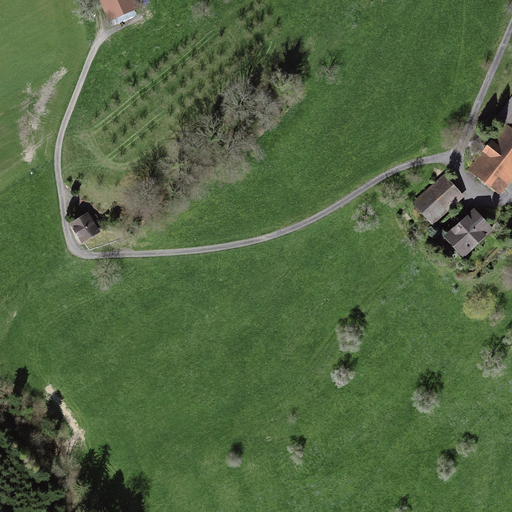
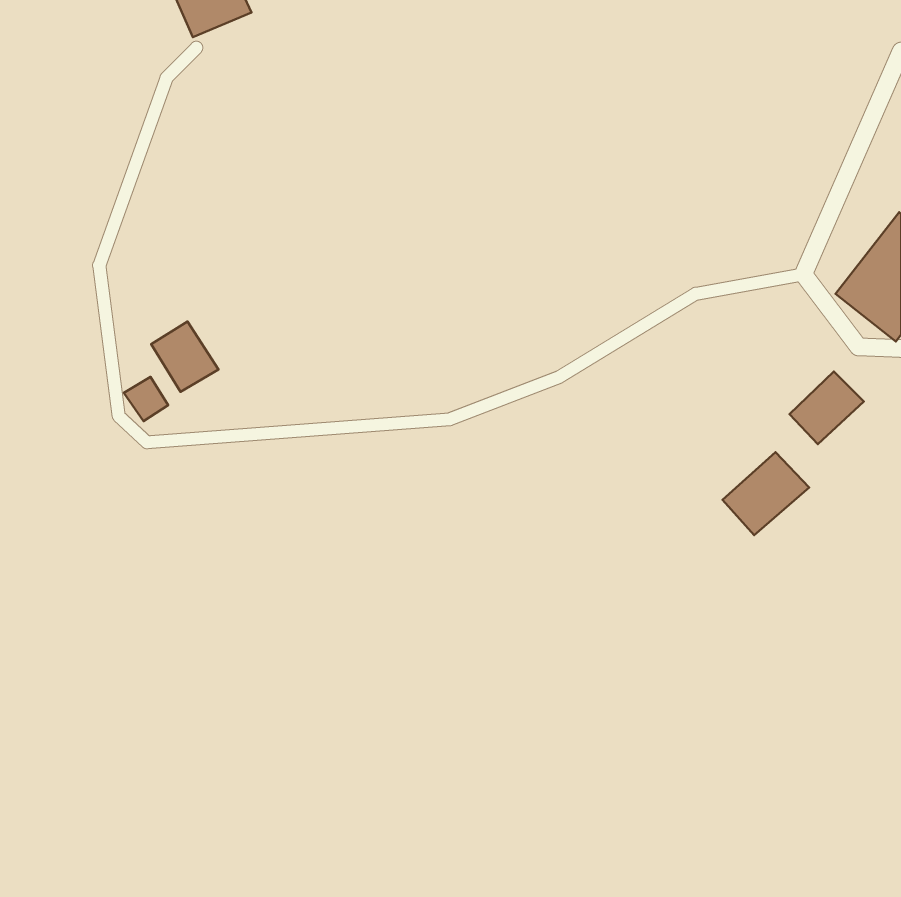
building: [419,176,468,223] -> [722,452,809,535]
building: none -> [151,322,218,392]

